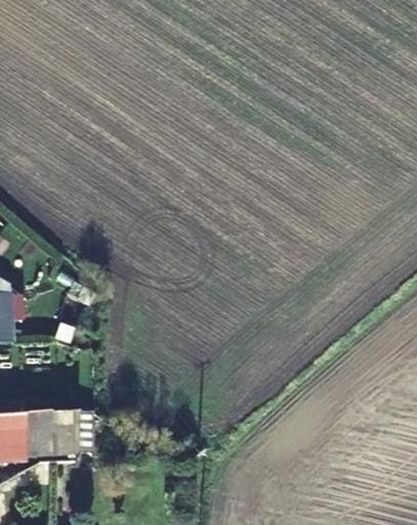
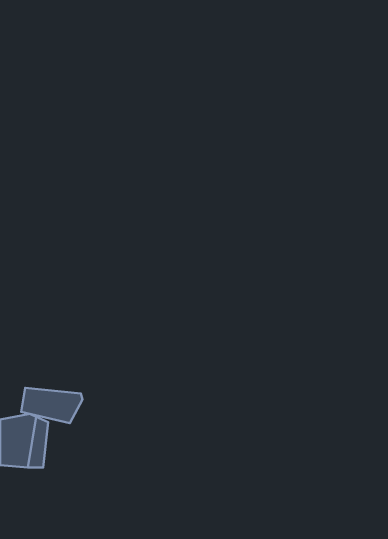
building: none -> [21,388,82,423]

